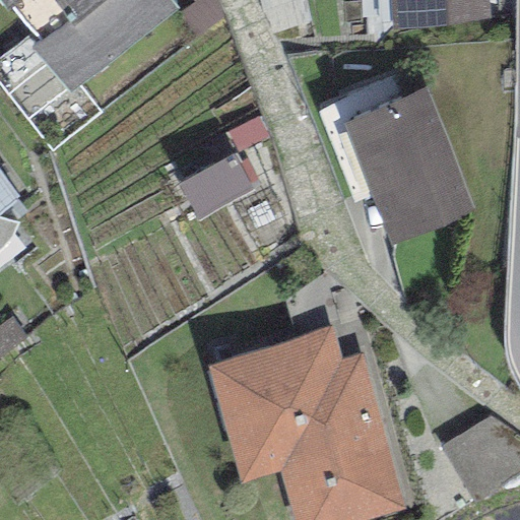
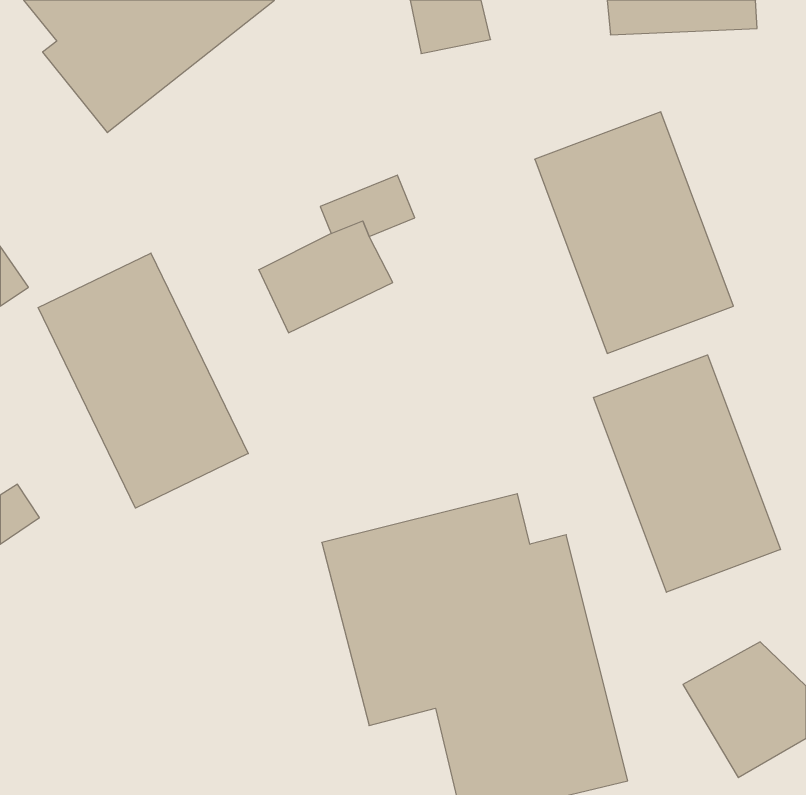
building: none -> [38,253,248,508]
building: none -> [594,355,780,592]

